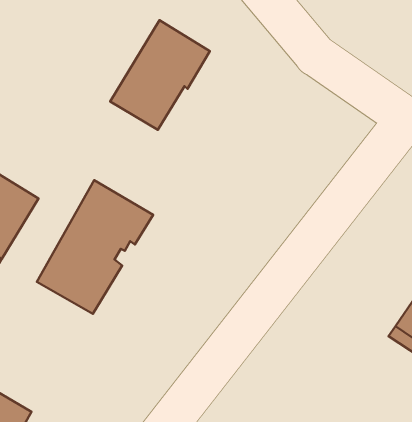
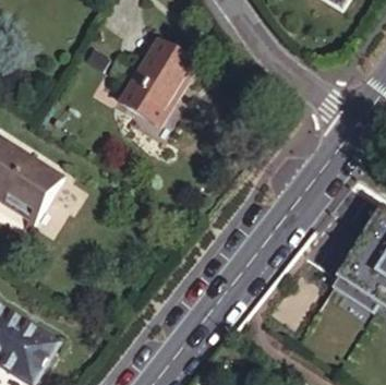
building: [37,180,153,314] -> none

